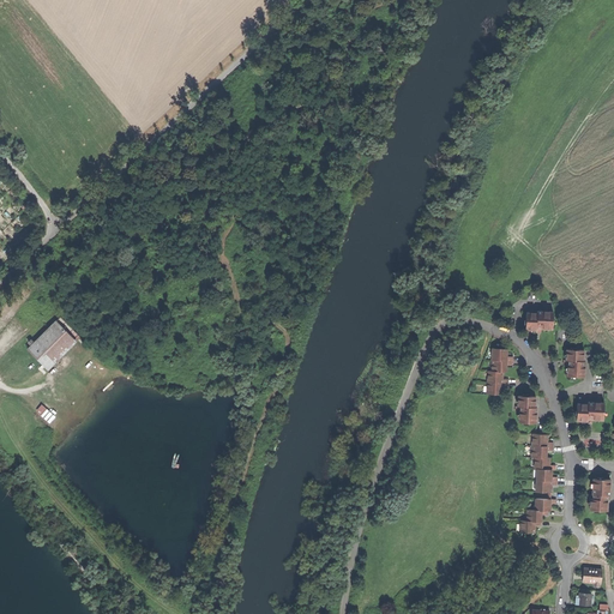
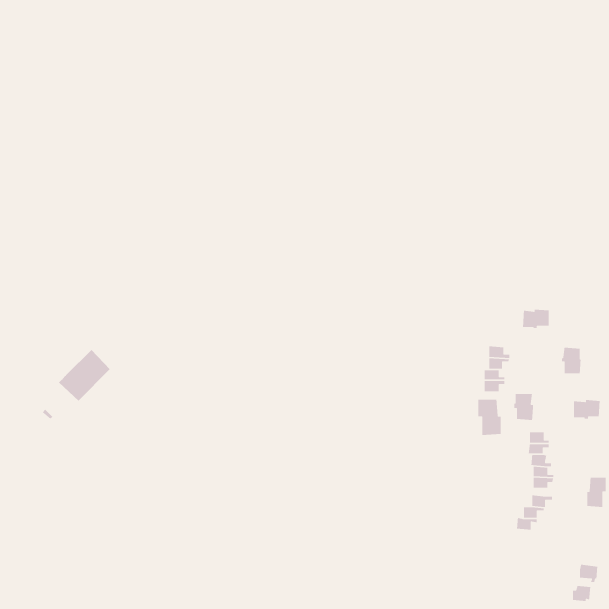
building: [29,317,82,369] -> [58,349,111,401]
building: none -> [477,399,501,436]

